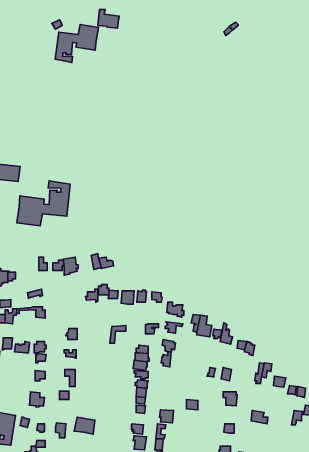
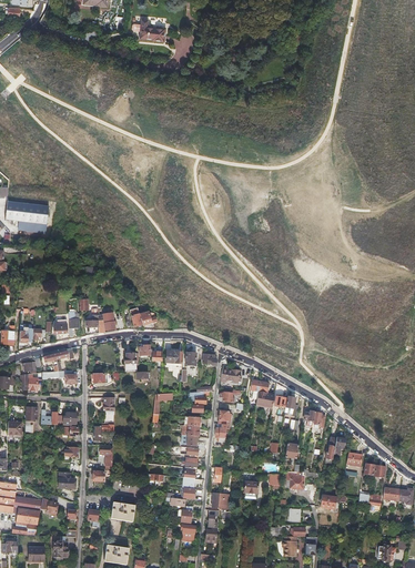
building: [55,25,98,63] -> none
building: [17,181,70,226] -> none

